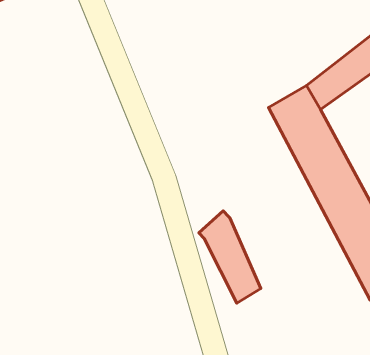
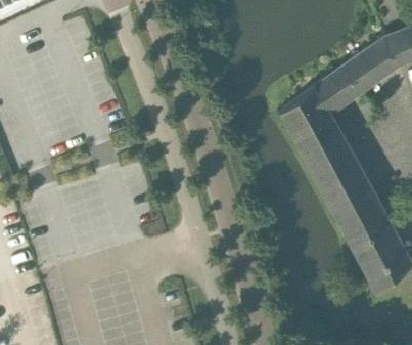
building: [199,211,261,303] -> none

